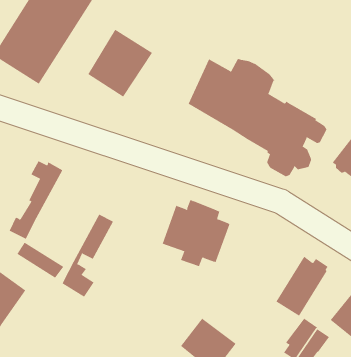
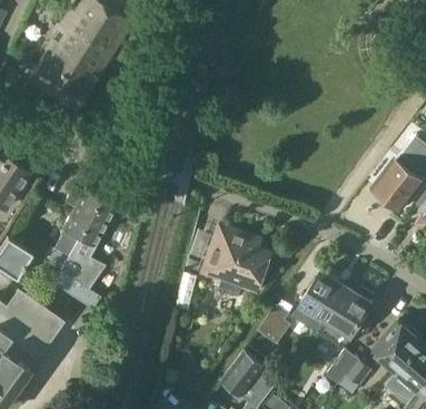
building: [87,29,153,98] -> none
building: [188,58,327,177] -> none
building: [62,214,114,298] -> [62,198,116,284]
building: none -> [293,271,347,333]
building: none -> [257,305,288,343]

